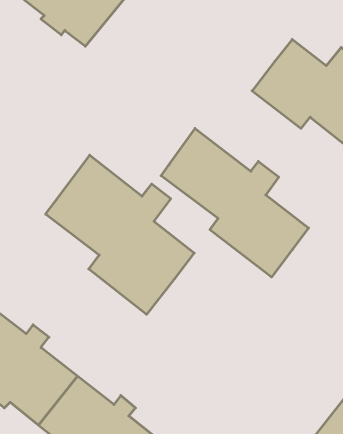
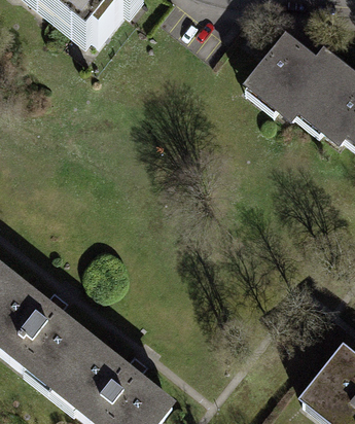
building: [161,128,309,277] -> none
building: [46,155,194,314] -> none

